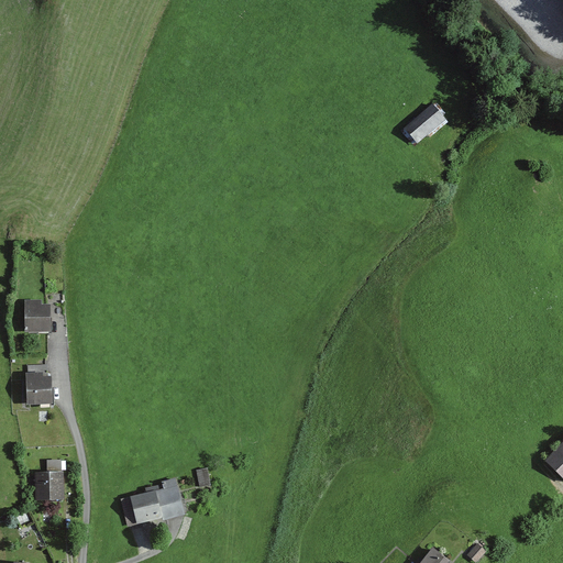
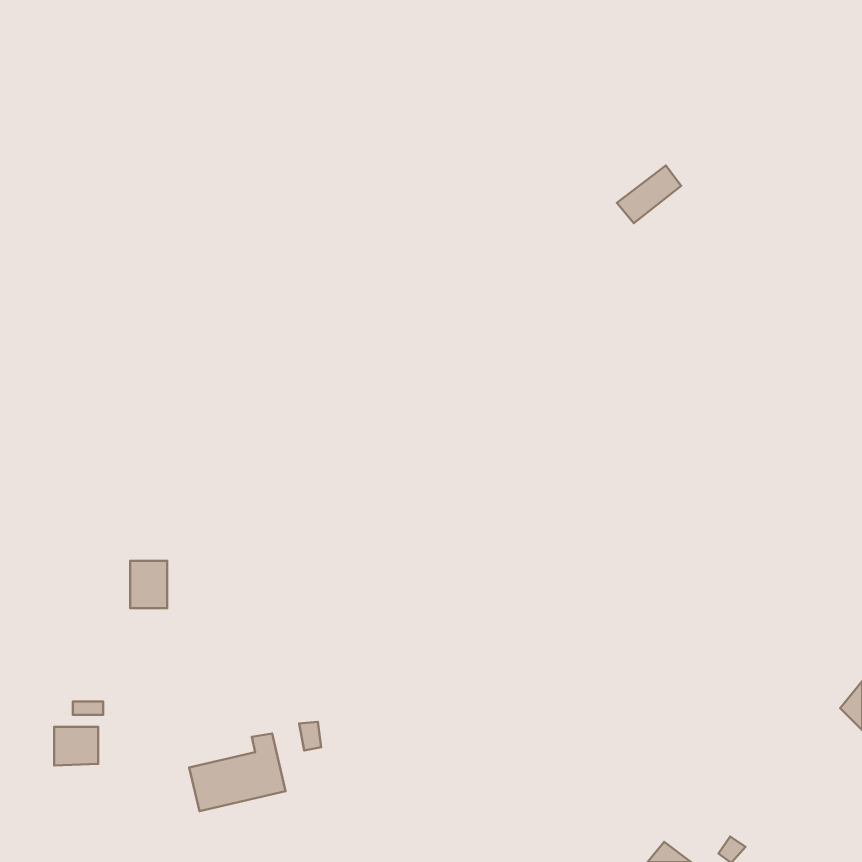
building: [24,300,51,331] -> none
building: [27,373,52,404] -> [130,561,167,608]

